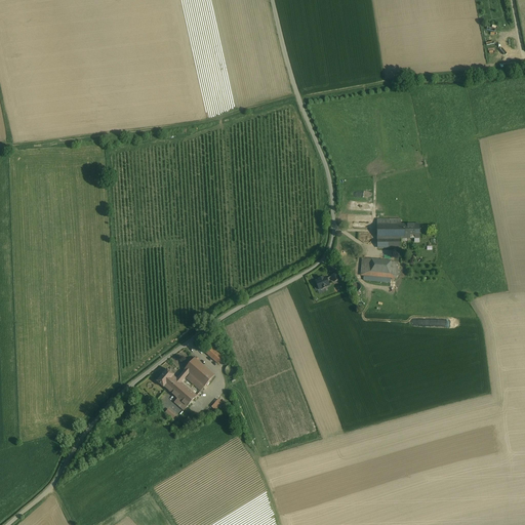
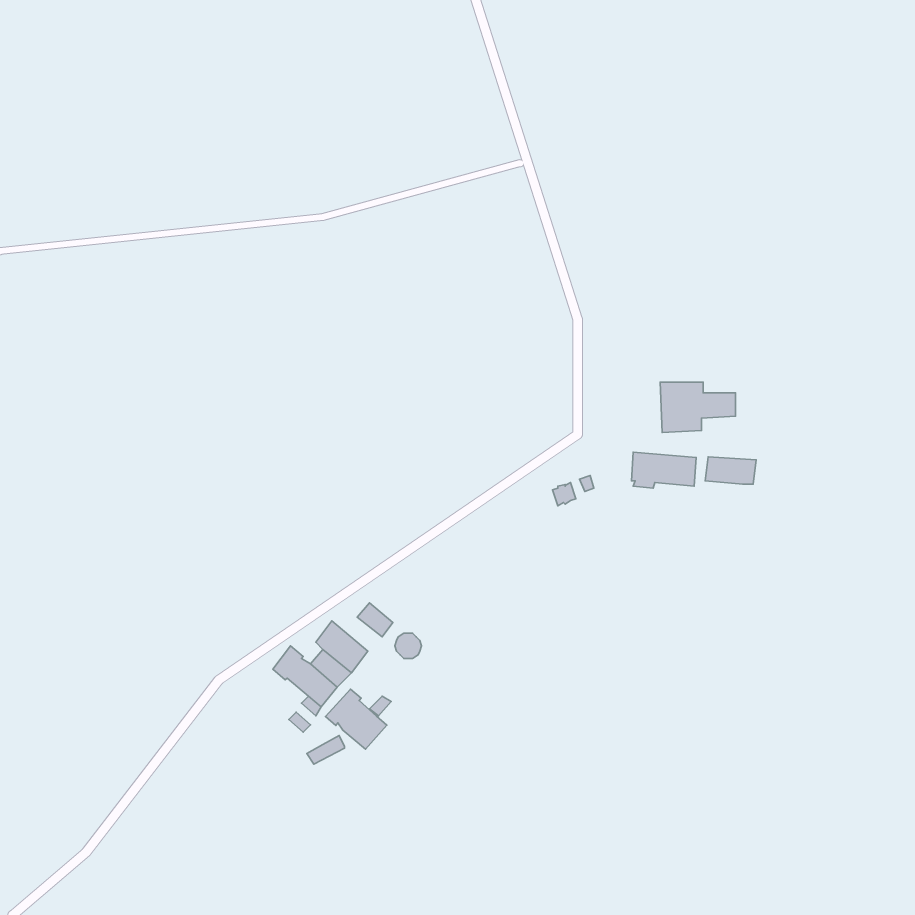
building: none -> [705,457,756,484]
building: none -> [325,689,387,749]

